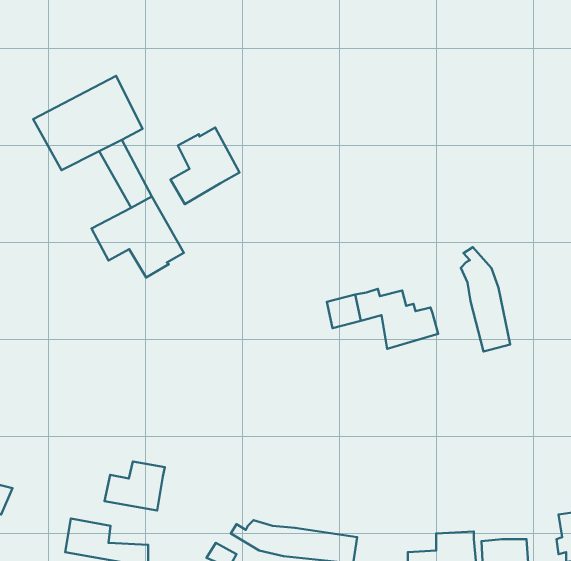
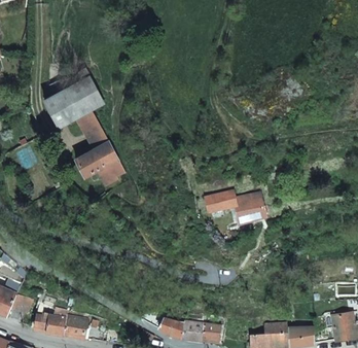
building: [170,128,240,204] -> none
building: [461,247,510,351] -> none
building: [104,461,165,510] -> [33,308,66,335]

